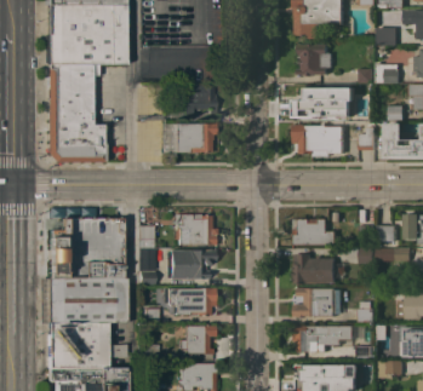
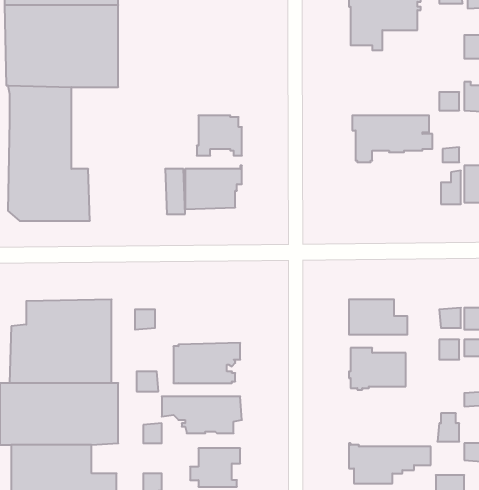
building: [298,44,333,76] -> none
building: [295,123,344,157] -> none
building: [176,214,217,246] -> none
building: [295,288,336,317] -> none

